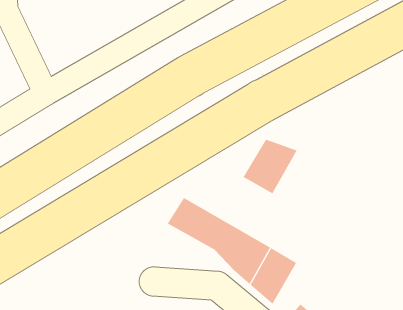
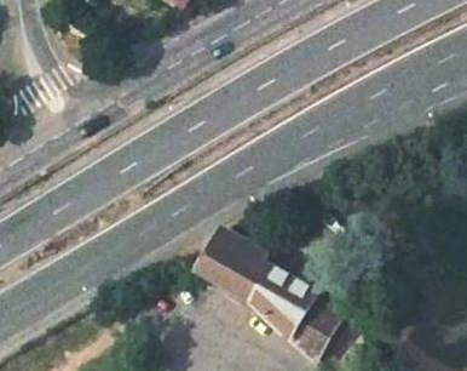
building: [243,139,297,194] -> none

